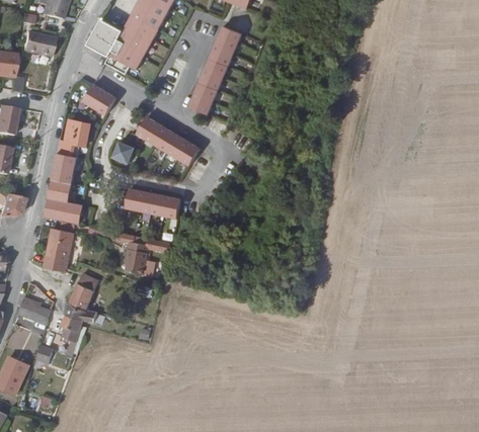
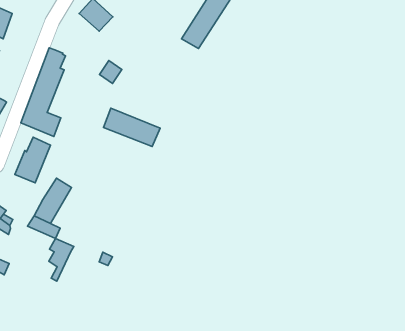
building: [138,115,199,166] -> none
building: [64,117,89,144] -> none
building: [124,242,148,276] -> none
building: [60,315,83,356] -> [49,239,74,281]

